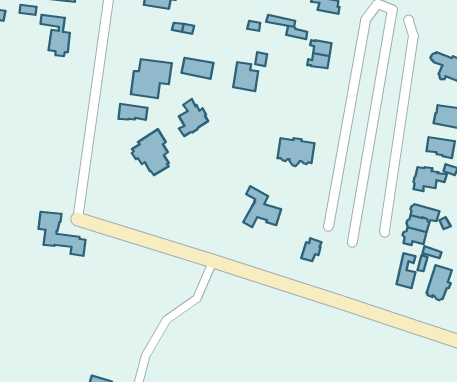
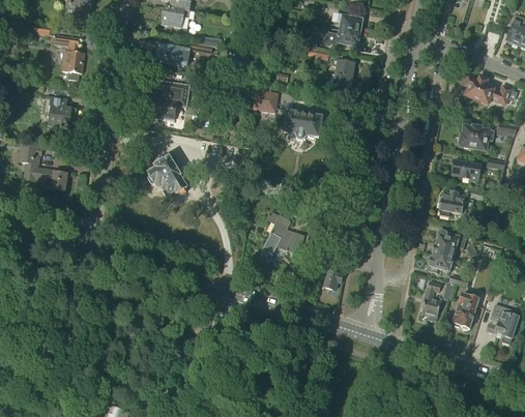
building: none -> [326,28,361,46]
building: [181,58,213,79] -> [154,43,187,65]
building: none -> [45,96,76,128]
building: [179,99,208,136] -> none
building: [118,104,148,120] -> none
building: [277,138,314,166] -> [284,111,322,140]
building: [39,212,86,256] -> [19,144,67,189]

